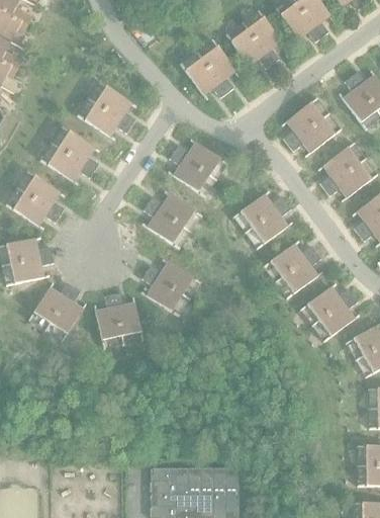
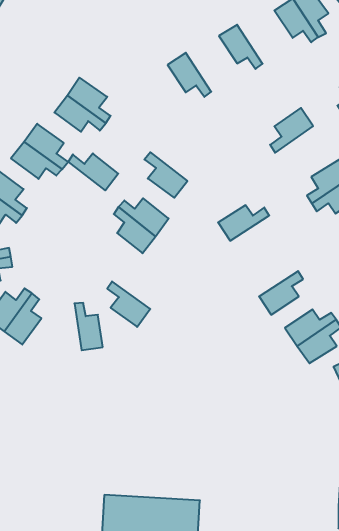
building: [247,17,281,64] -> none
building: [201,46,234,92] -> none
building: [288,118,334,153] -> none
building: [174,142,220,175] -> [68,153,118,190]
building: [252,202,291,244] -> none
building: [269,244,315,277] -> none
building: [146,261,193,294] -> none
building: [95,293,121,340] -> none

